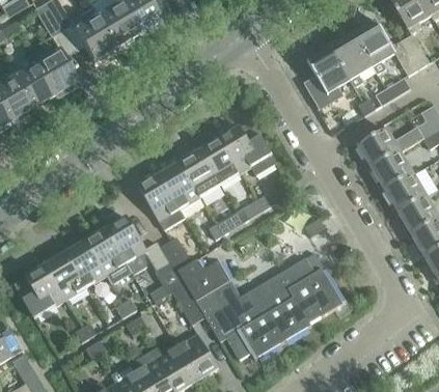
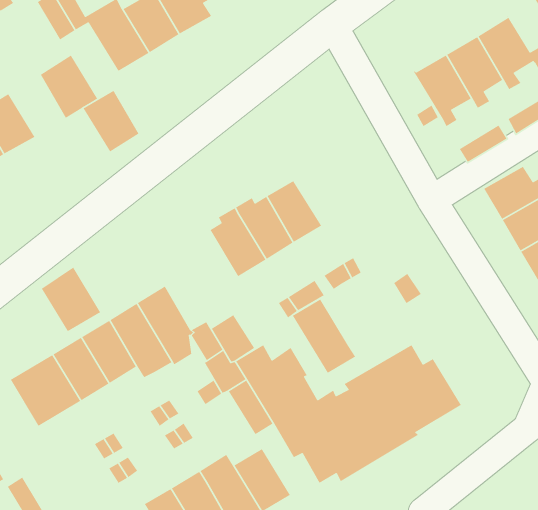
building: [12,62,54,108] -> [83,90,140,152]
building: [220,119,277,175] -> none
building: [138,175,185,230] -> [292,298,356,374]
building: none -> [41,267,101,332]

